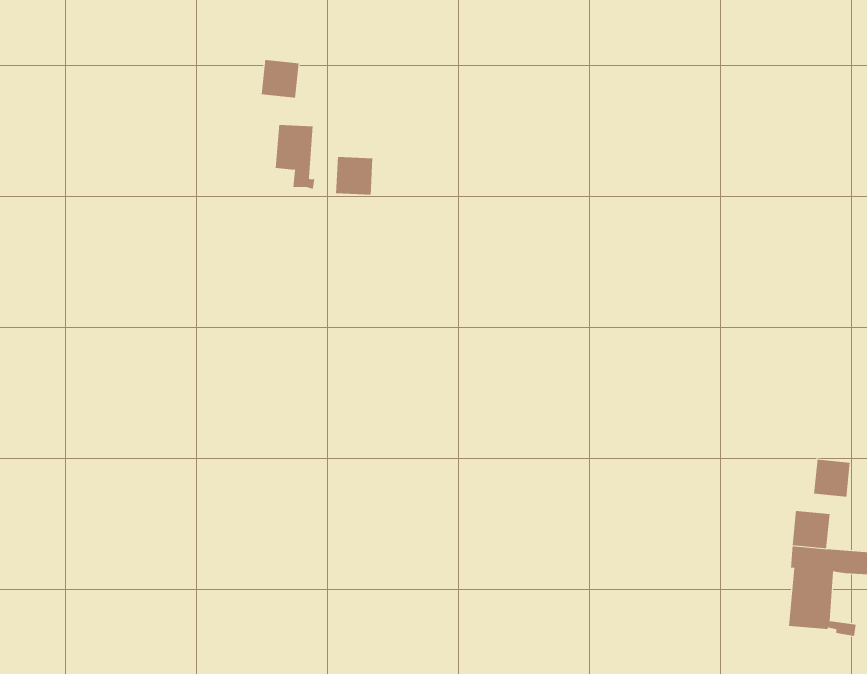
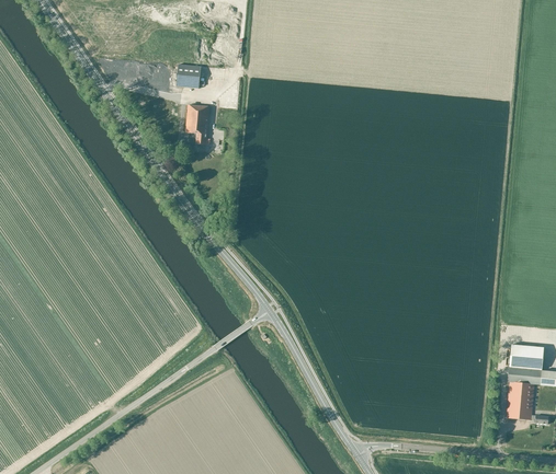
building: [336,156,373,195] -> none
building: [814,459,850,497] -> none

